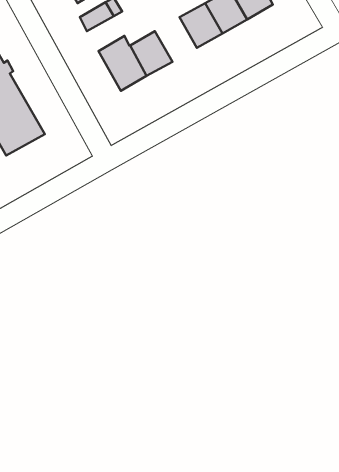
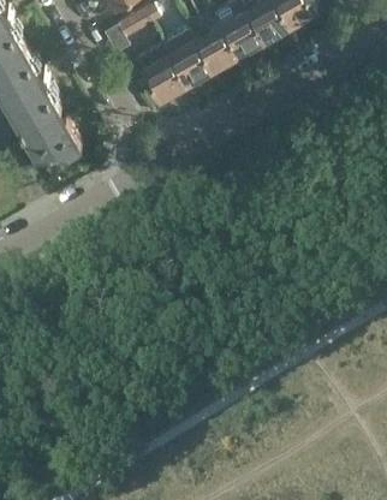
building: none -> [190,23,233,69]

